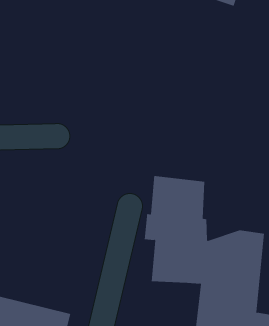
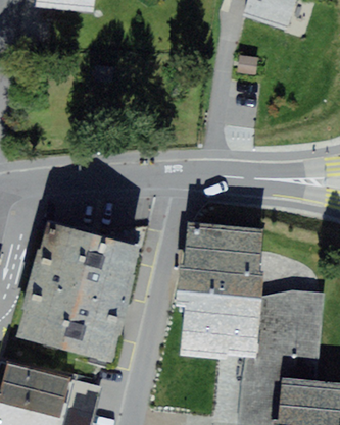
building: none -> [19,227,134,351]

